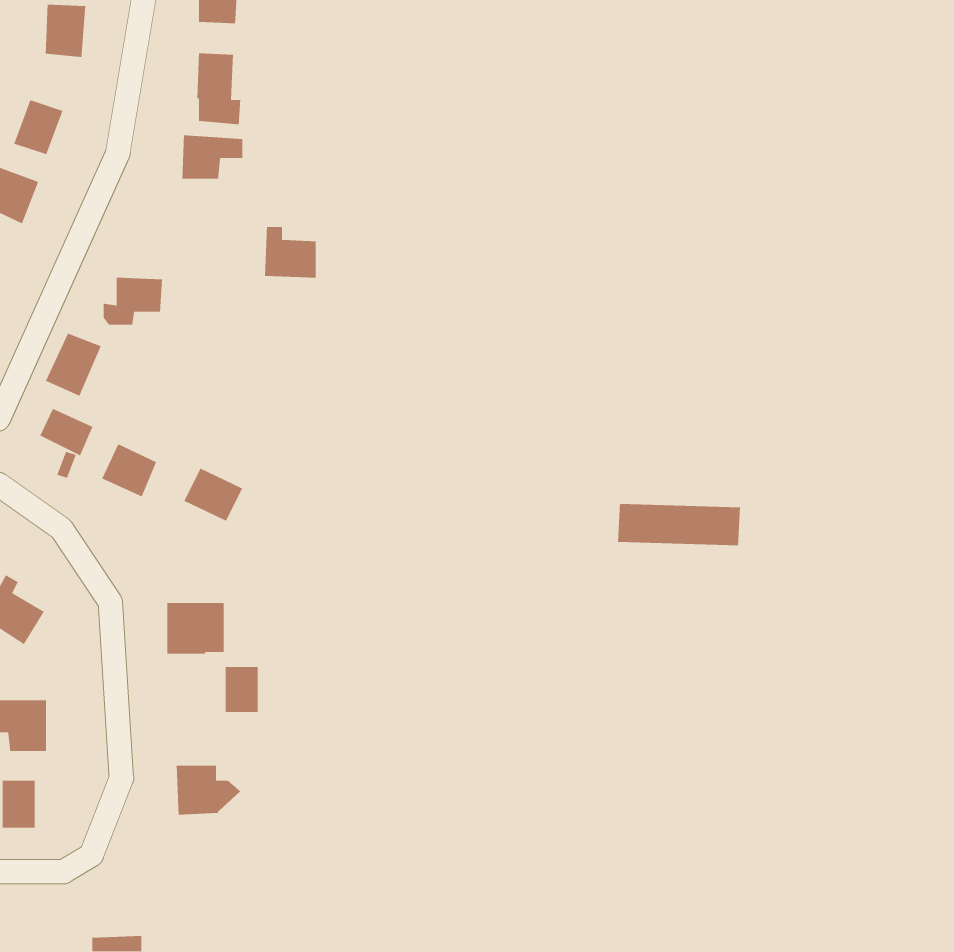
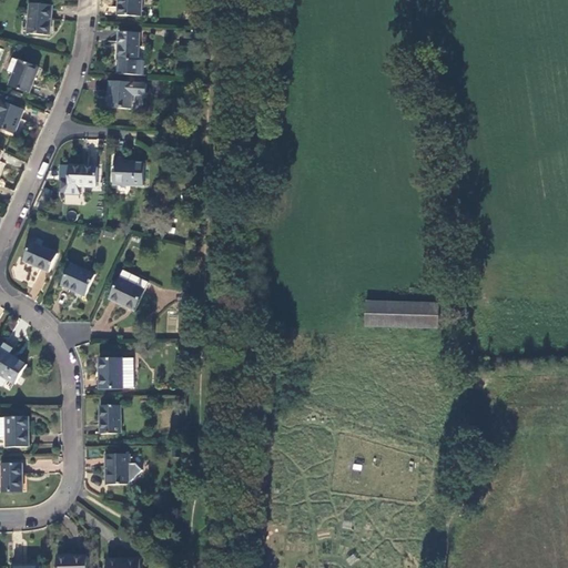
building: [264,226,317,278] -> [112,153,143,184]
building: [45,332,102,397] -> none
building: [225,666,259,713] -> [100,405,120,433]

